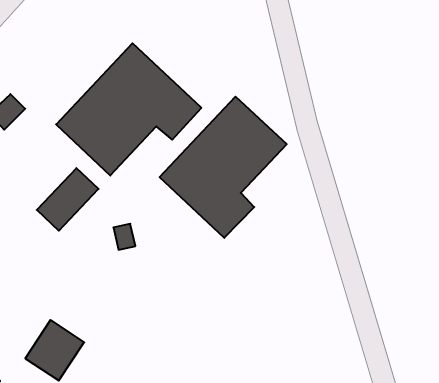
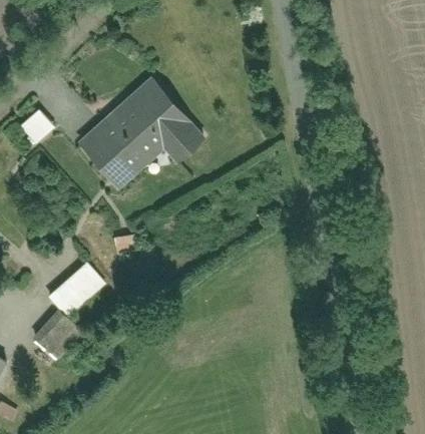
building: [160,97,287,238] -> none
building: [37,168,99,231] -> [49,259,105,313]

